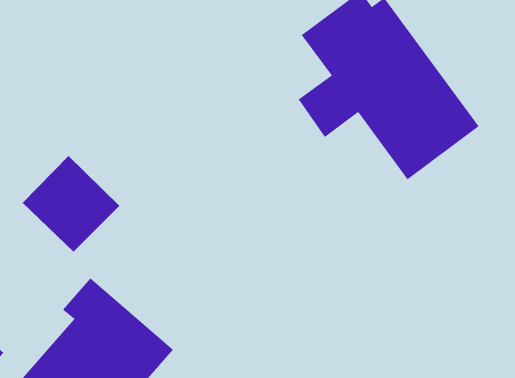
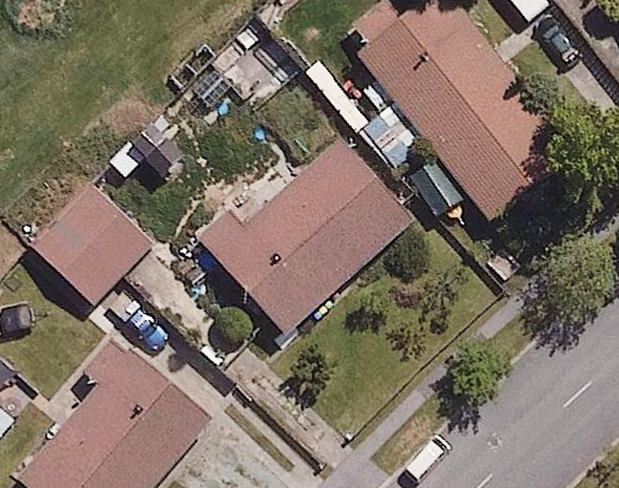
building: none -> [202,136,405,337]

